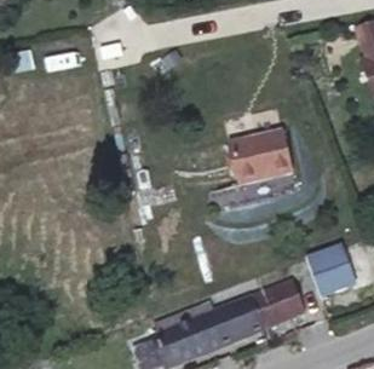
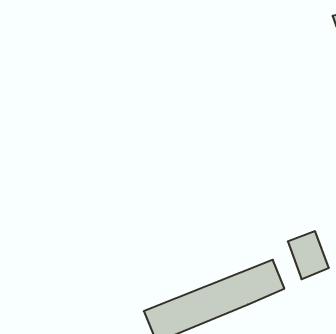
building: [230,129,290,184] -> none

